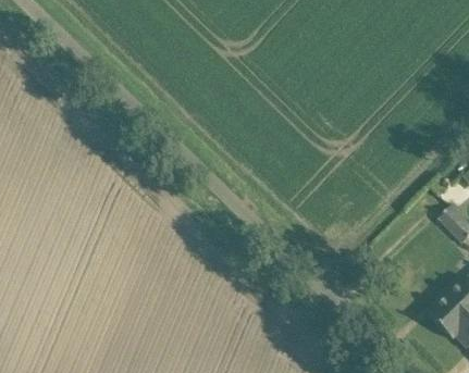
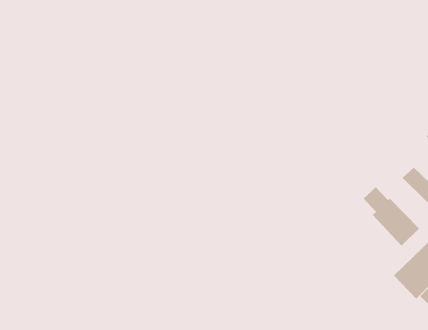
building: none -> [363,186,420,246]

